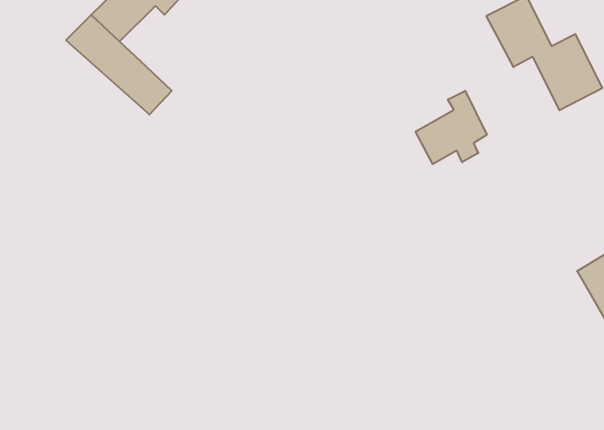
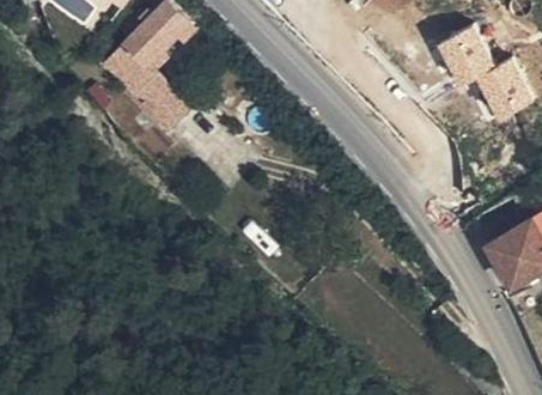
building: [416,91,487,164] -> none

